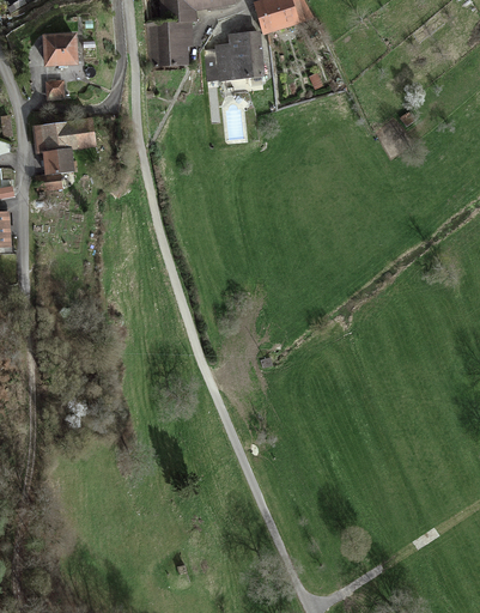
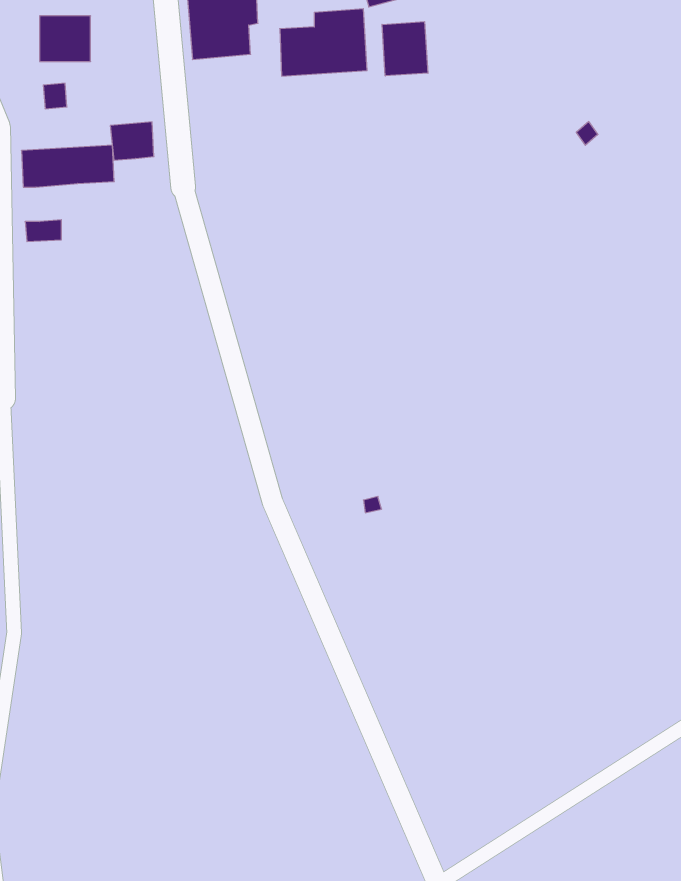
building: none -> [382,22,428,76]
building: [45,147,74,172] -> [110,122,154,160]

